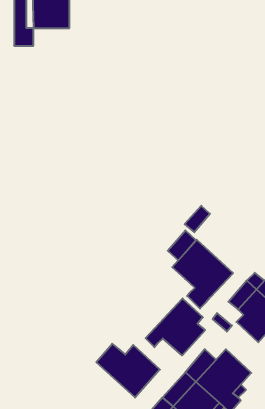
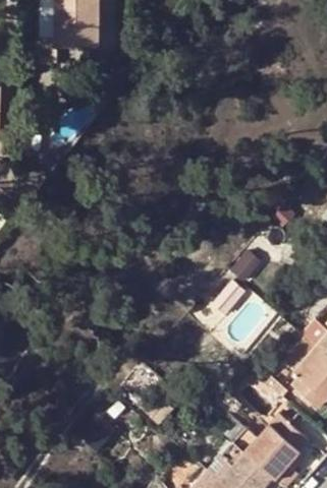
building: [172,240,233,309] -> none
building: [146,298,205,355] -> none
building: [96,344,160,398] -> none

